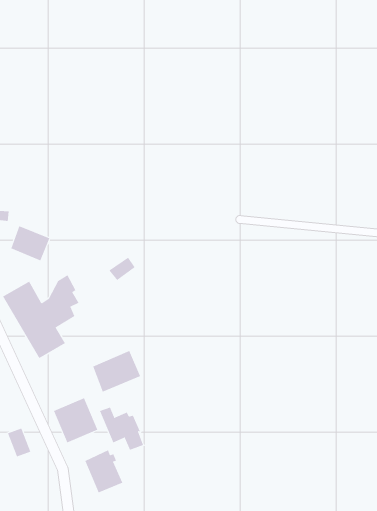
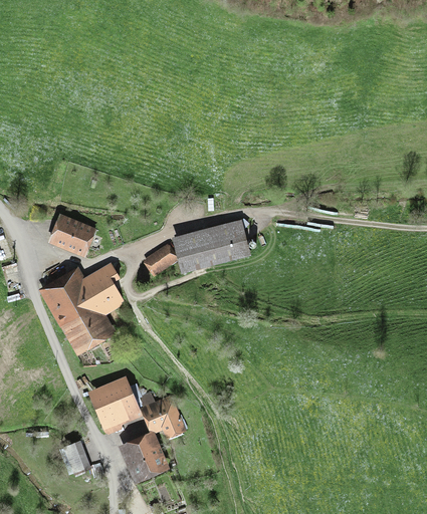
building: none -> [177,223,247,267]
building: [93,350,141,392] -> none
building: [7,428,31,457] -> [64,442,87,470]

